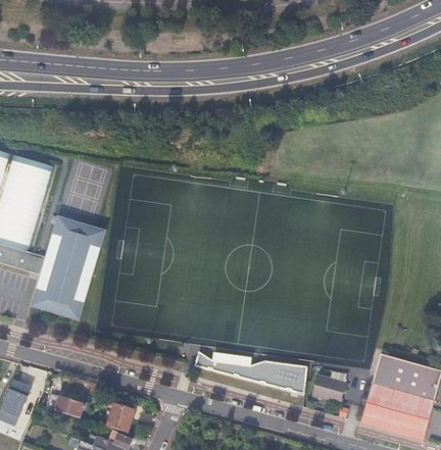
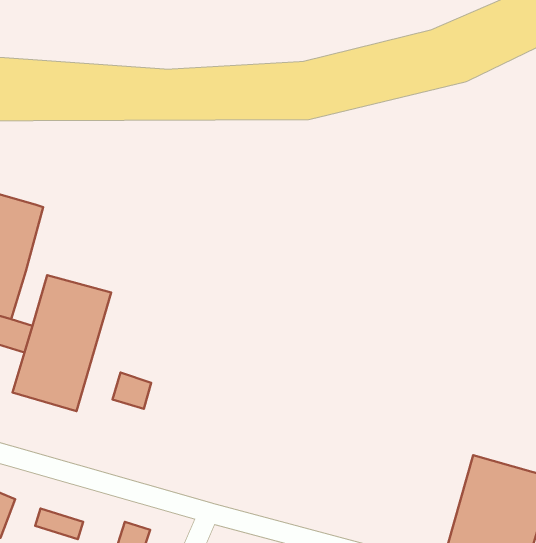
building: none -> [112,372,151,409]
building: [195,353,305,395] -> none
building: [310,372,346,401] -> none

